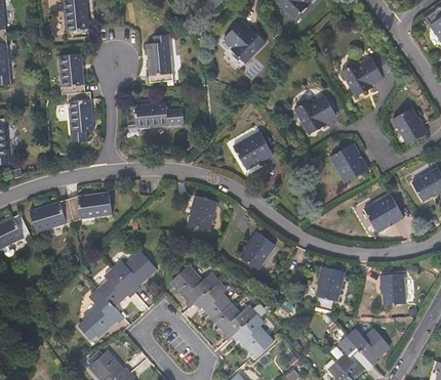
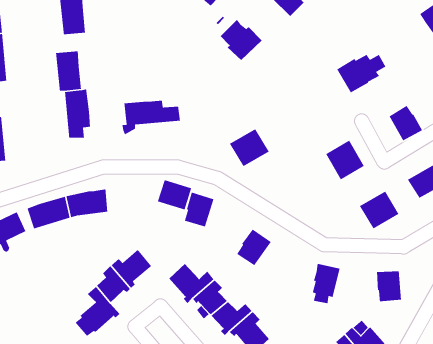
building: [147,35,173,82] -> none
building: [294,94,337,135] -> none
building: none -> [157,179,192,211]

